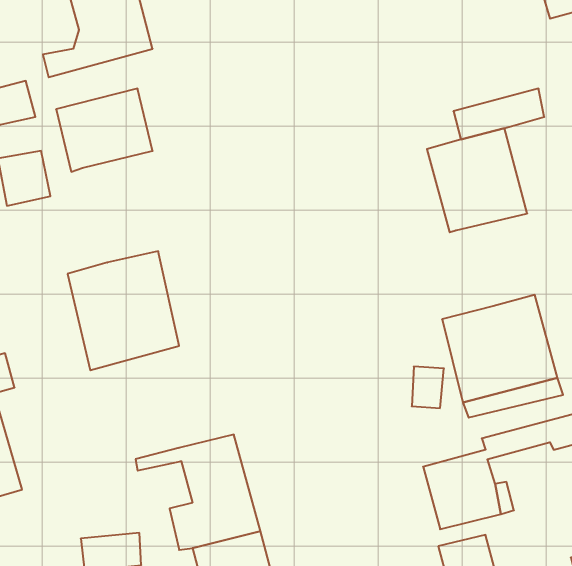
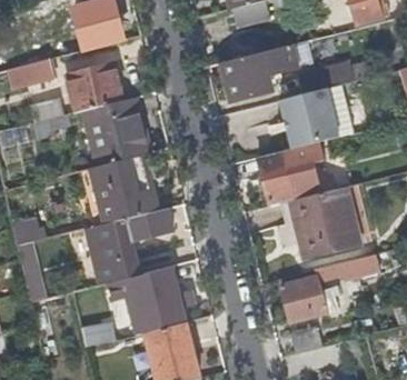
building: none -> [224,46,298,101]
building: none -> [82,98,147,166]
building: none -> [256,147,324,206]
building: none -> [85,208,172,284]

